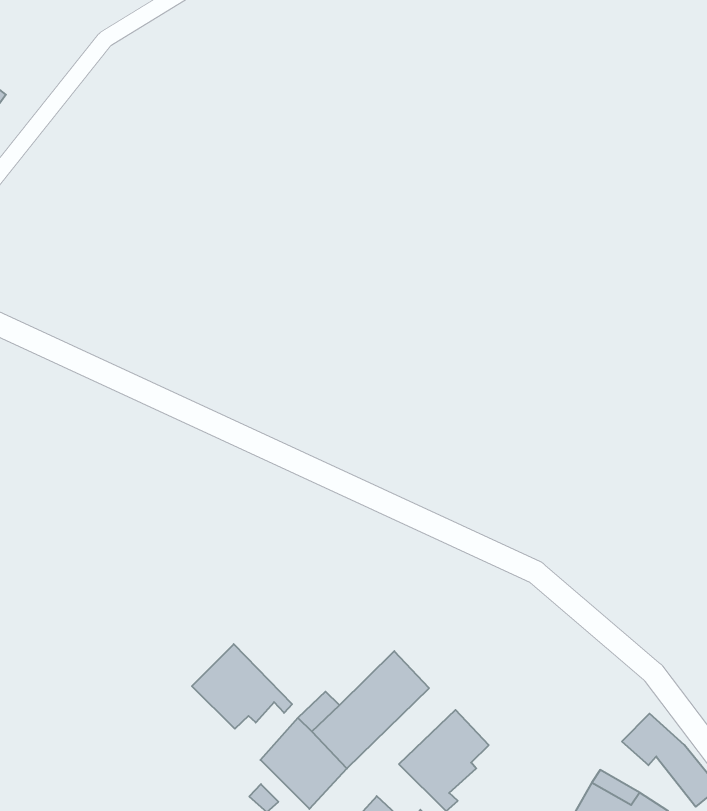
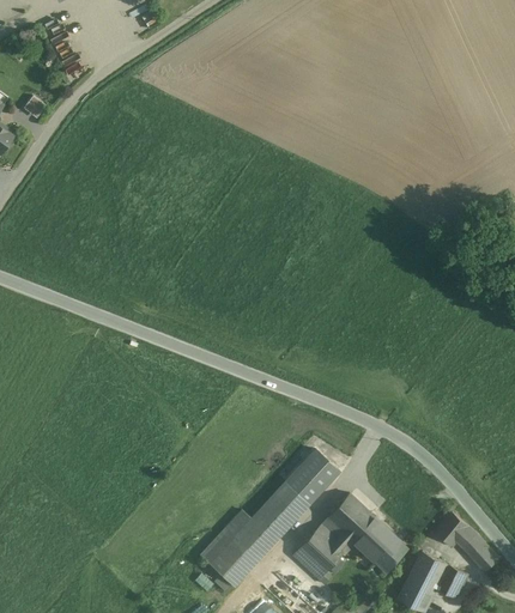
building: none -> [292,441,350,506]
building: [192,644,292,729] -> none
building: none -> [326,494,408,575]

